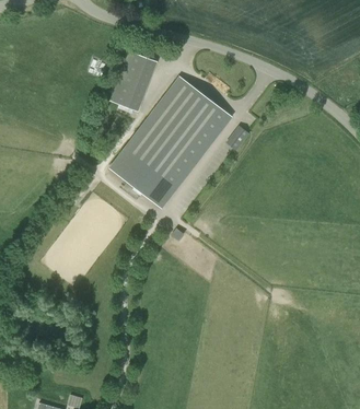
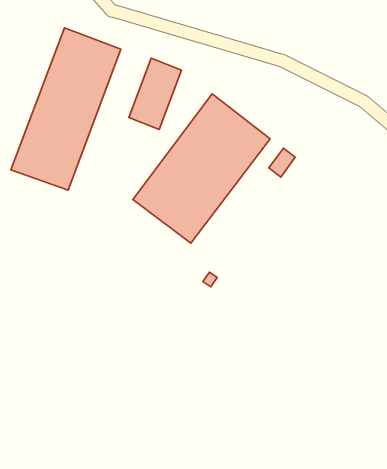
building: none -> [11,28,121,190]

